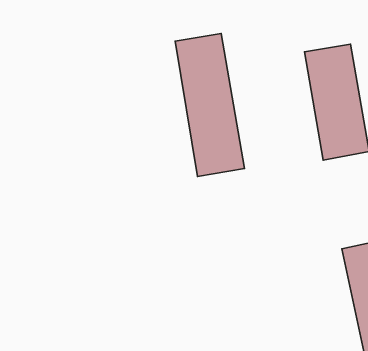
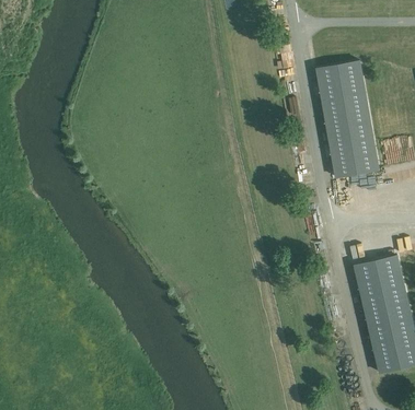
building: [175,33,244,177] -> none

